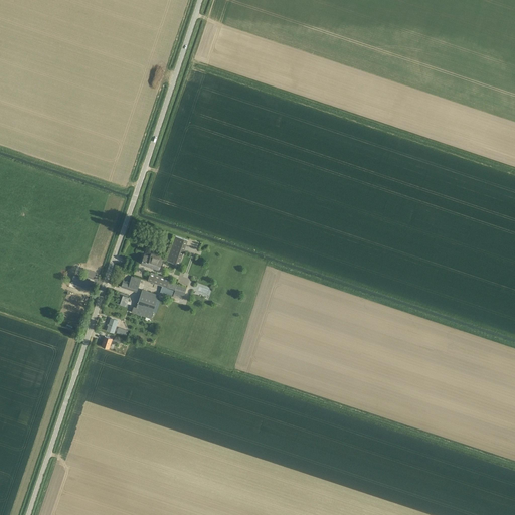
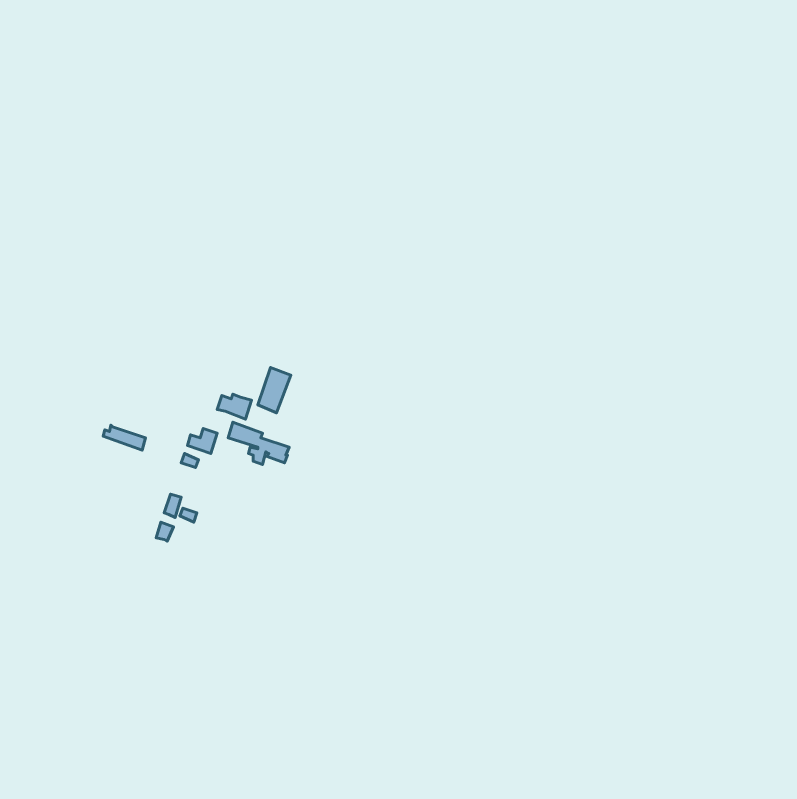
building: [134,290,157,318] -> none

